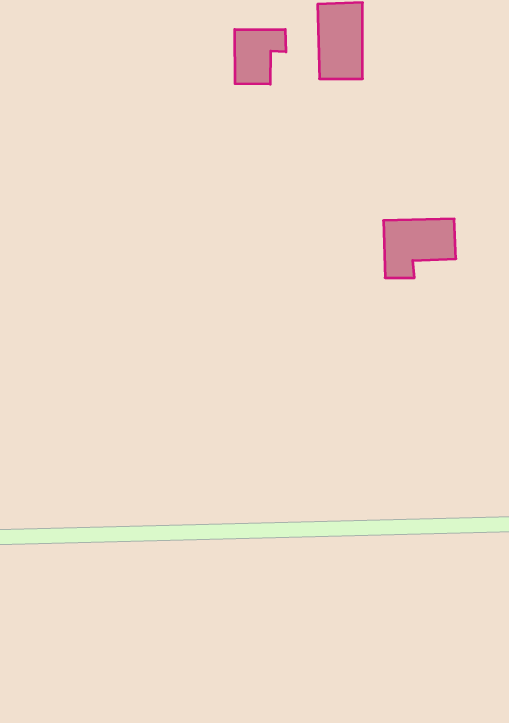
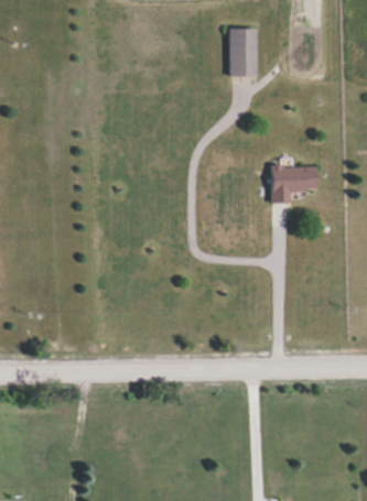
building: [235,29,286,84] -> none

